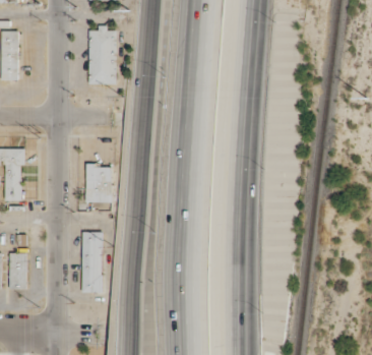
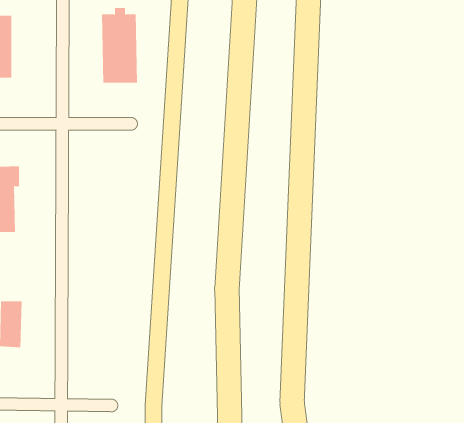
building: [86,163,112,202] -> none
building: [82,232,103,292] -> none

